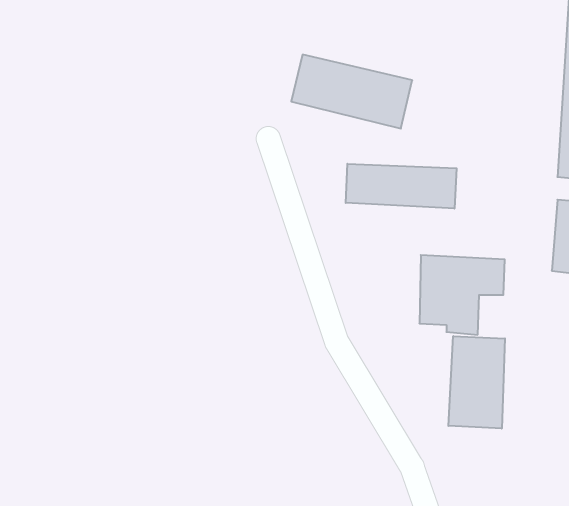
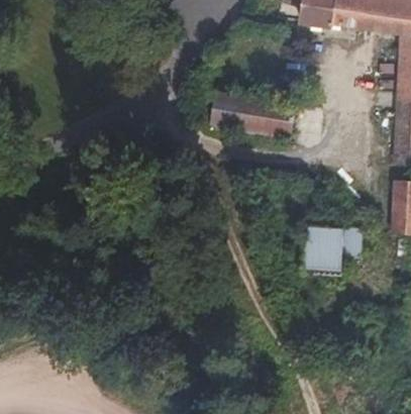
building: [346,164,457,209] -> none
building: [448,336,505,429] -> none

